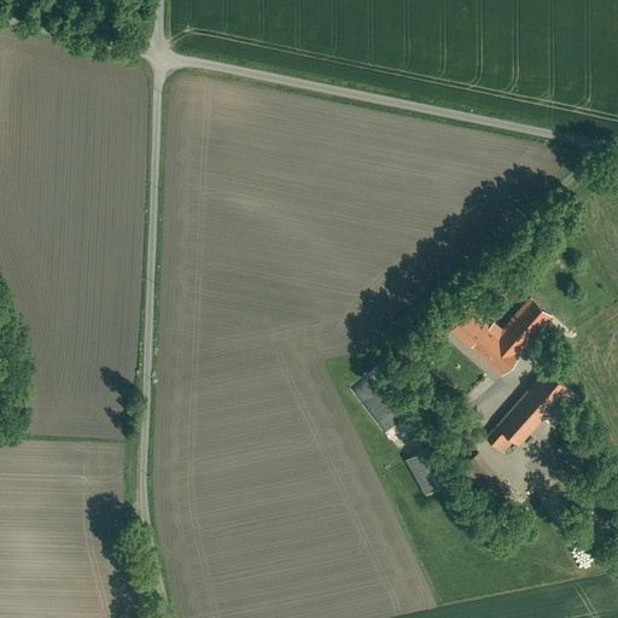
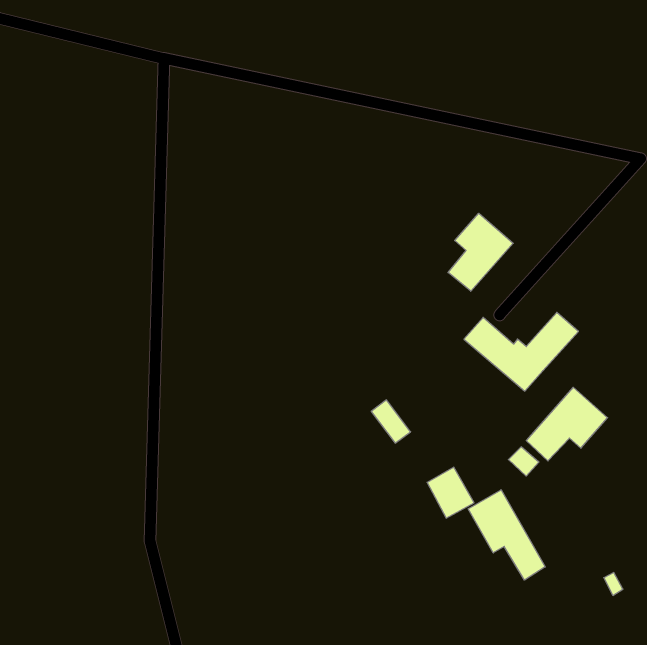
building: none -> [448,213,513,291]
building: none -> [468,490,545,580]

